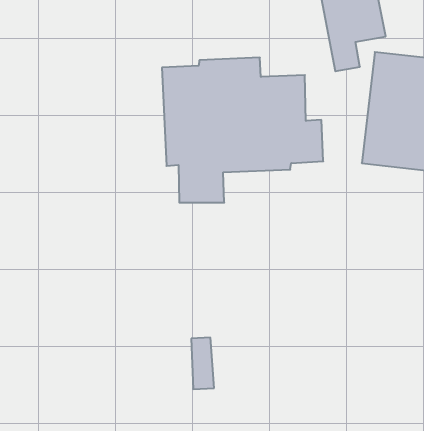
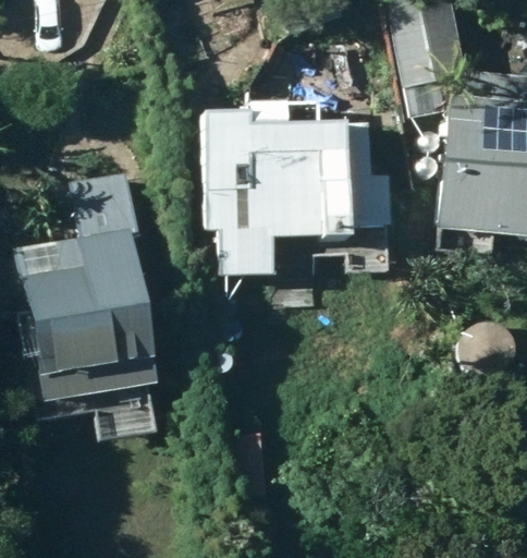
building: none -> [19,232,157,401]

